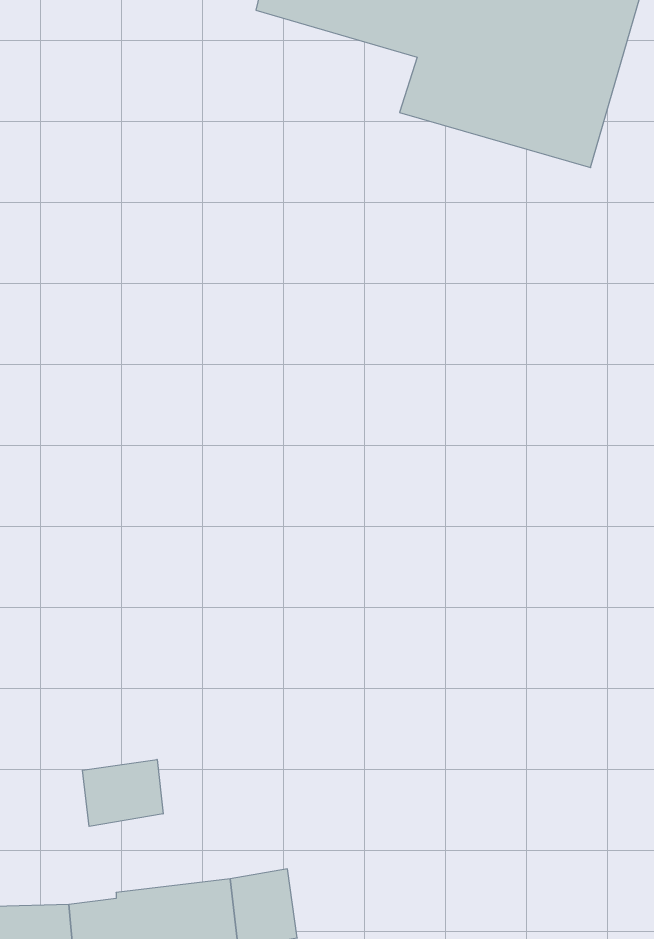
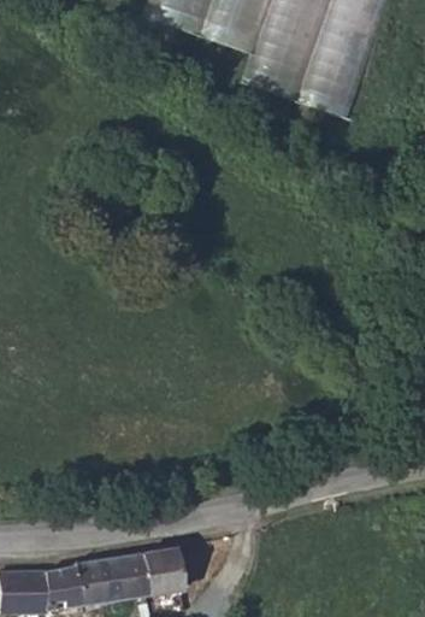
building: [82,759,163,826] -> none

